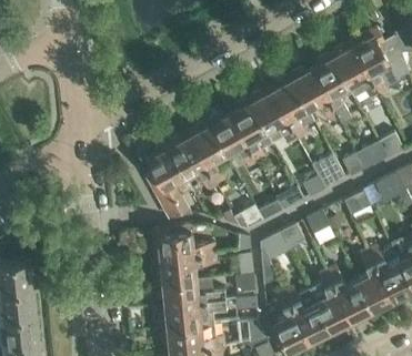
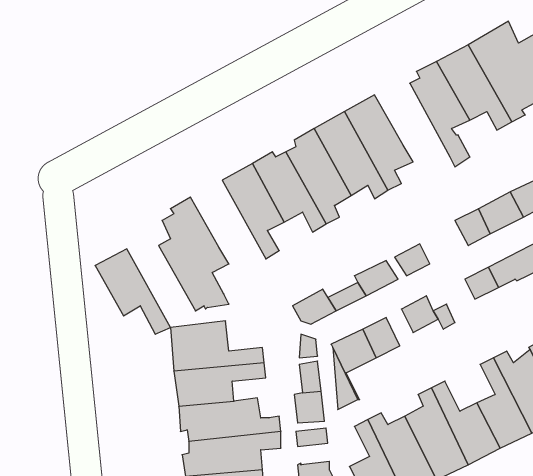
building: [290,70,340,123] -> none
building: [168,134,218,191] -> [95,249,170,334]
building: [313,155,346,190] -> none

